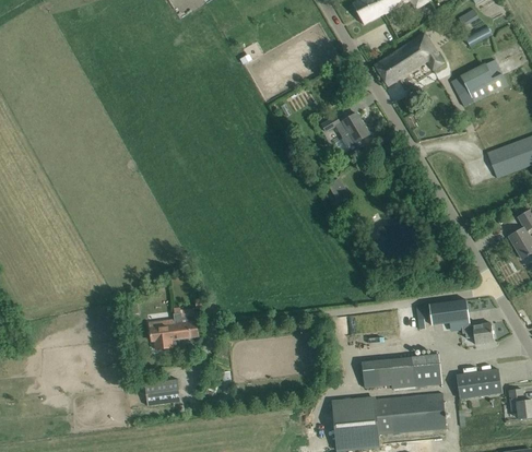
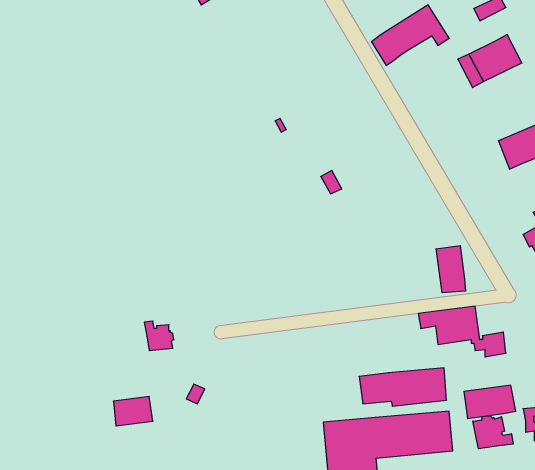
building: [321,112,368,153] -> none
building: none -> [436,246,465,293]
building: [150,325,177,349] -> none
building: none -> [473,416,513,449]

